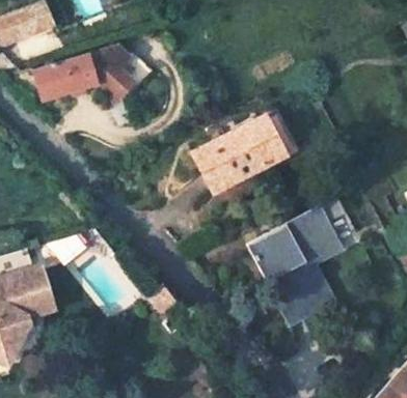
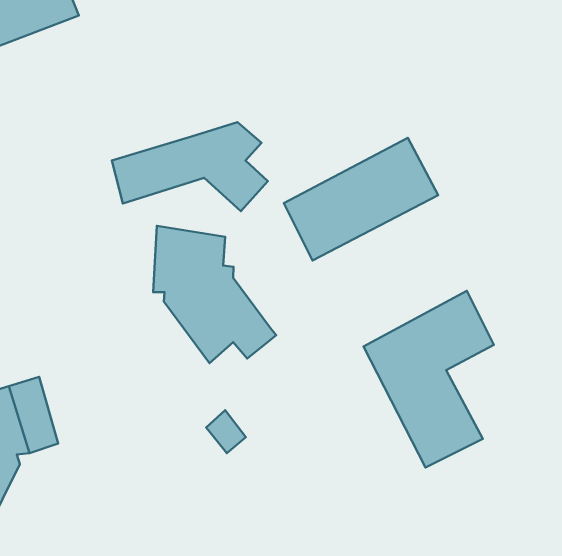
building: [35,47,137,105] -> [112,122,268,211]
building: none -> [153,226,276,363]

